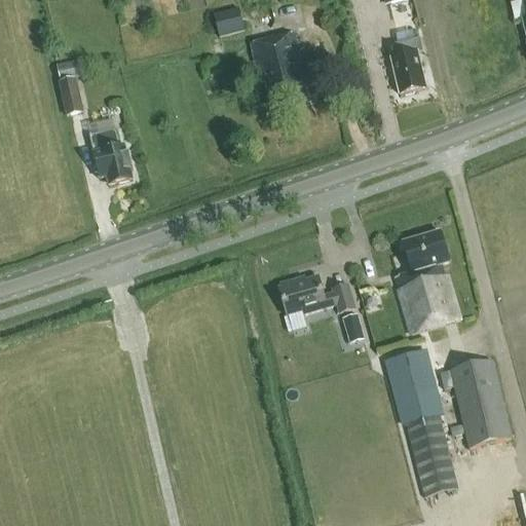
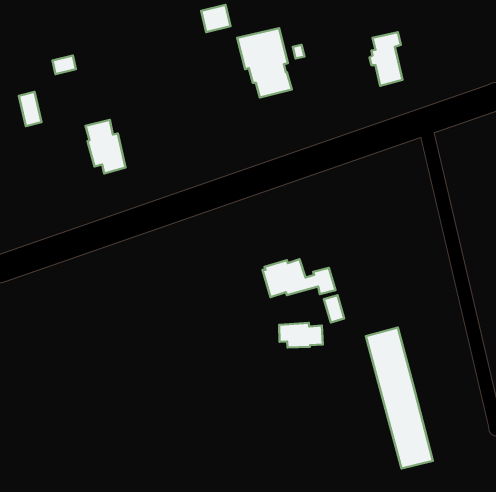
building: [58,76,81,112] -> [19,92,41,126]
building: [394,228,460,330] -> none
building: none -> [279,323,323,348]
building: [441,359,512,446] -> none

